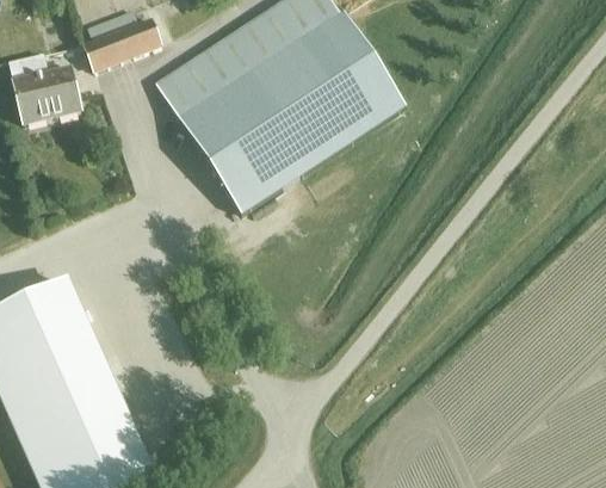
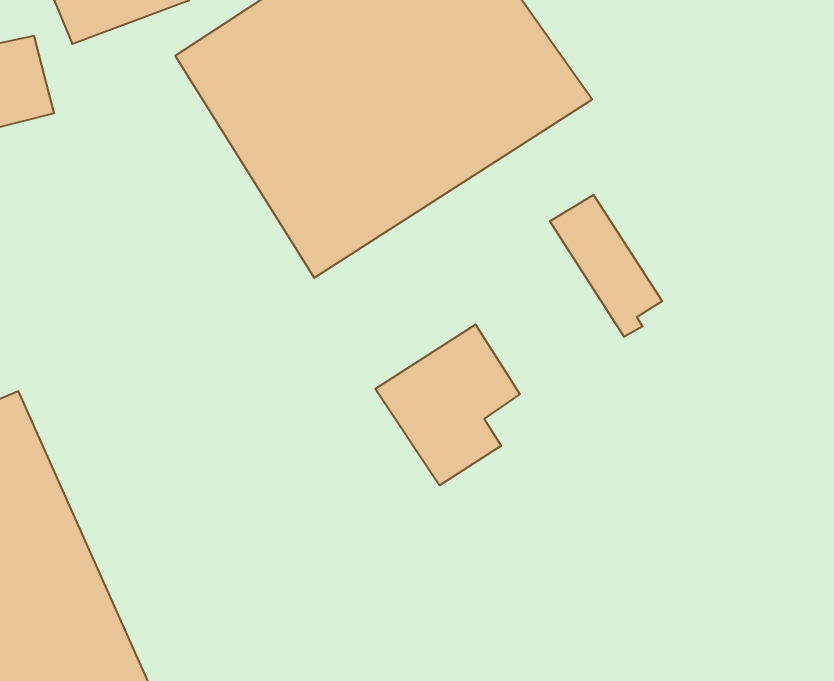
building: none -> [550,195,662,337]
building: none -> [375,324,520,485]

